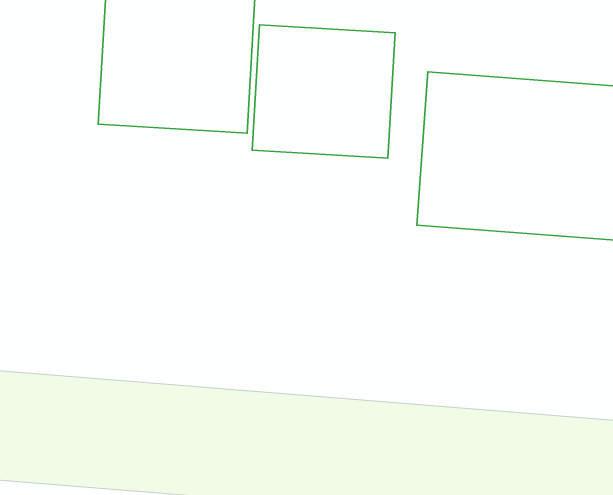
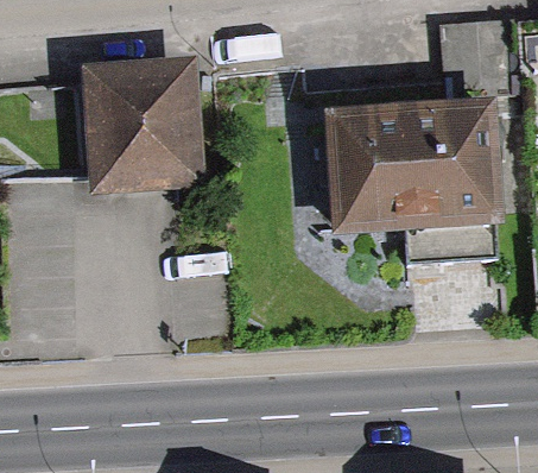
building: [252,25,395,158] -> none

